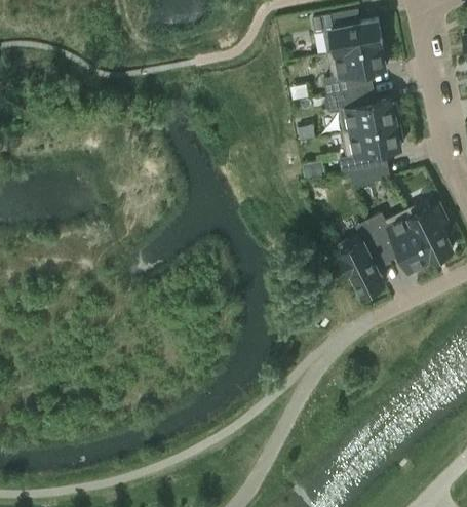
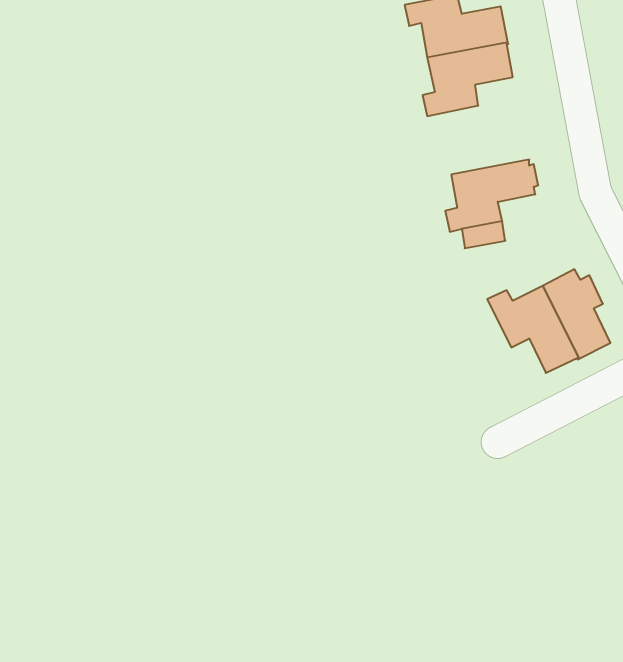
building: [328,94,398,138] -> none
building: [337,223,385,298] -> none

